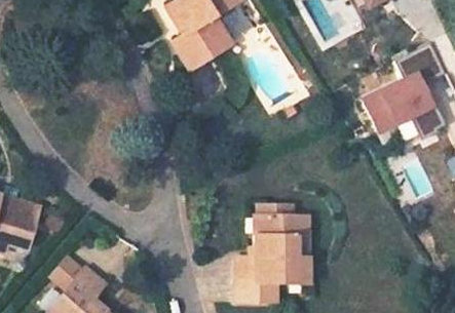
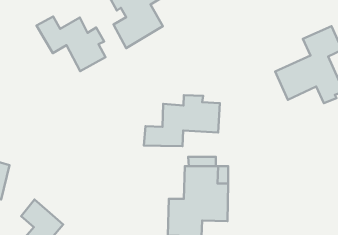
building: none -> [36,17,105,71]
building: none -> [144,95,220,146]

